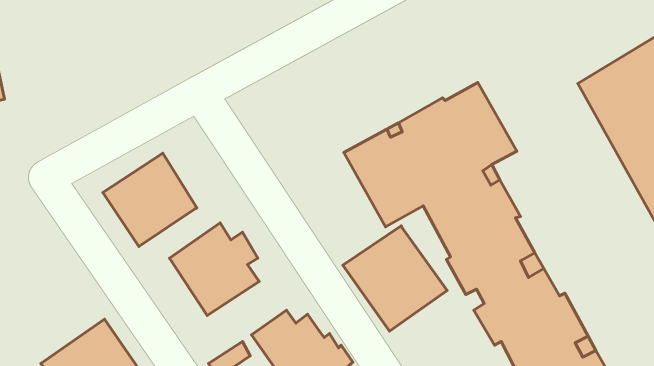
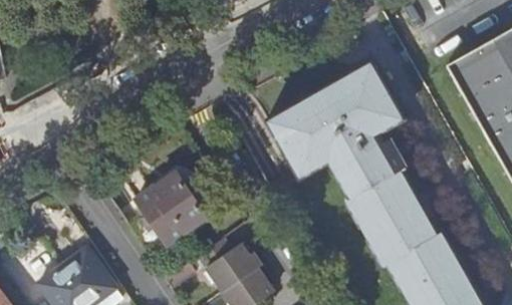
building: [103,153,197,247] -> none
building: [343,226,447,331] -> none

